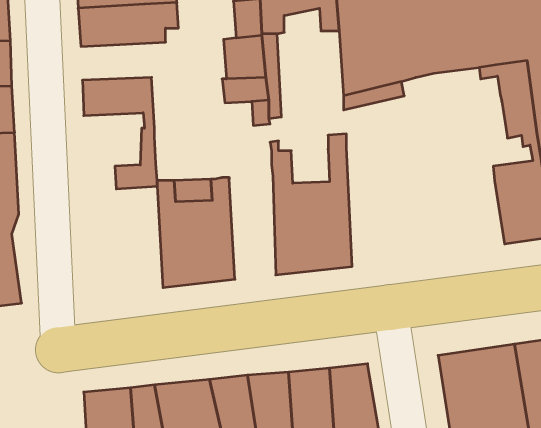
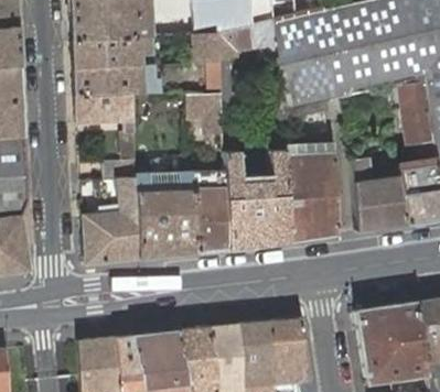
building: none -> [75,67,157,97]
building: none -> [282,145,337,242]
building: none -> [354,160,406,231]
building: none -> [191,163,227,252]
building: none -> [82,179,139,265]

